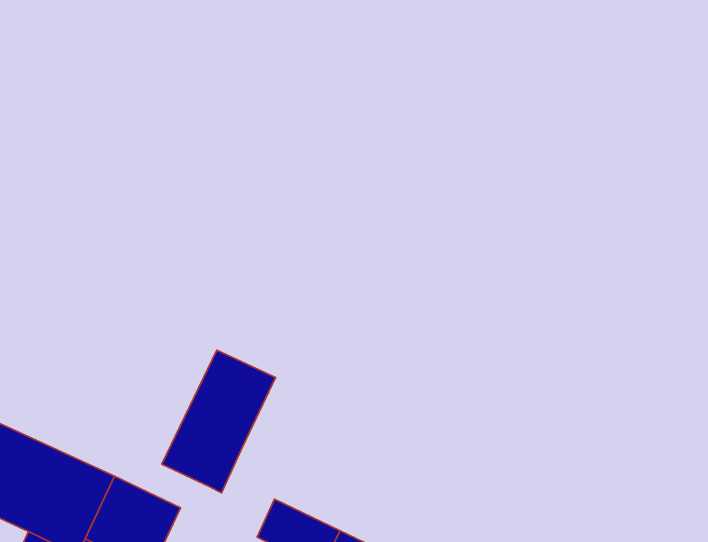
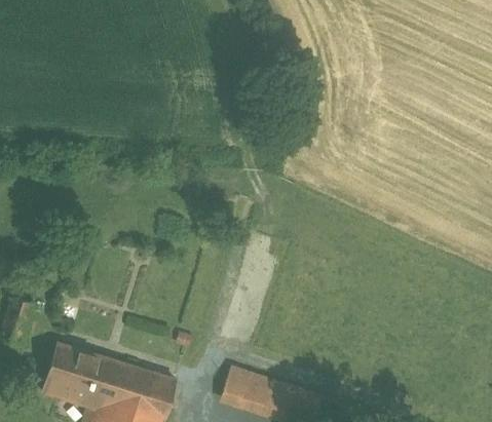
building: [162,350,276,493] -> none

